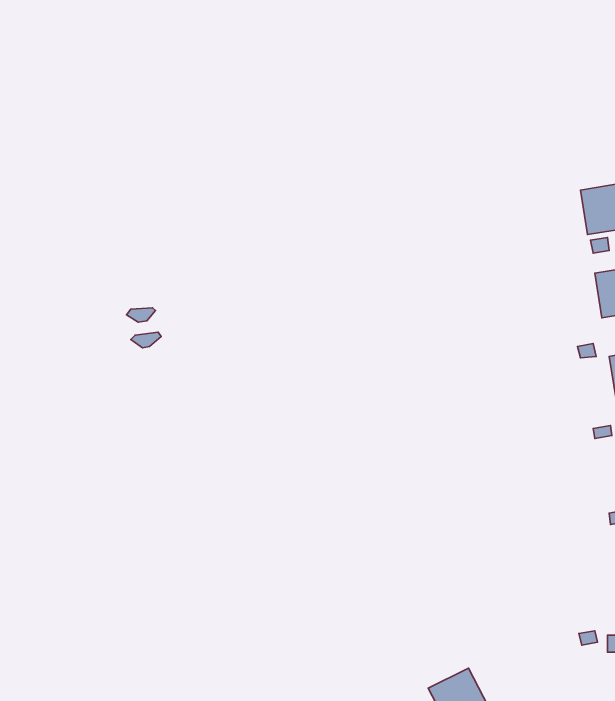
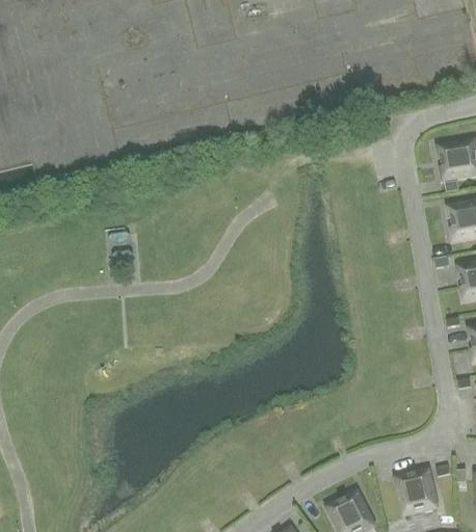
building: none -> [402,471,441,509]

